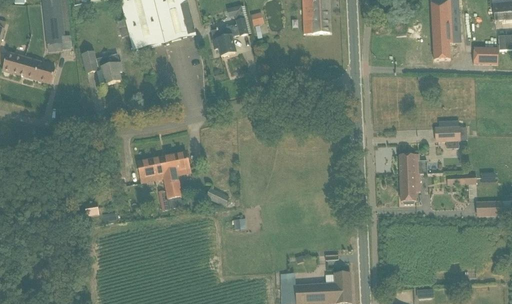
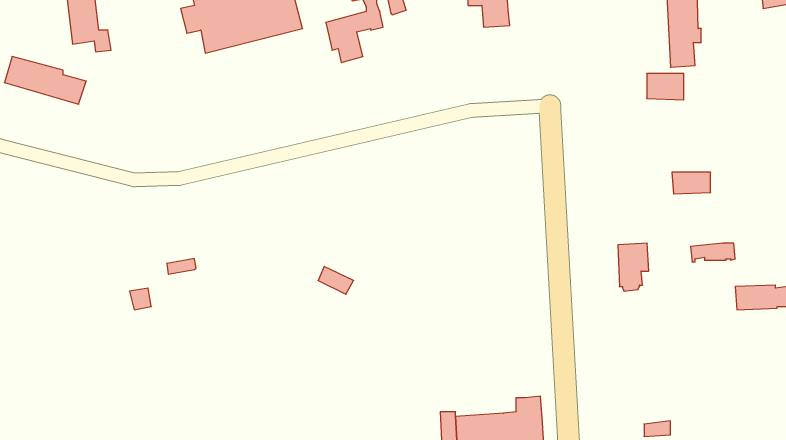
building: [474,46,498,63] -> [647,74,684,100]
building: [82,51,122,84] -> none
building: [138,152,190,208] -> none
building: [399,154,427,174] -> none

